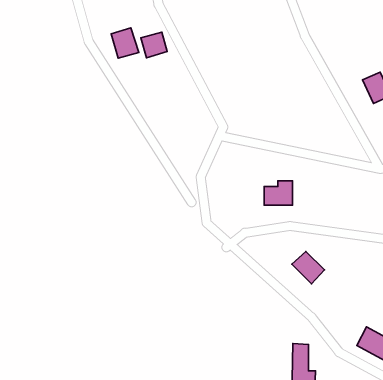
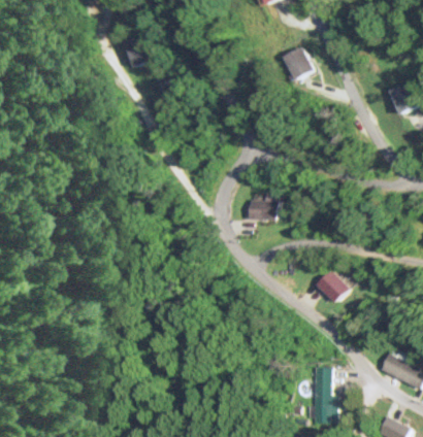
building: [141,32,167,58] -> none
building: none -> [281,46,312,79]
building: [264,181,293,205] -> [248,195,278,221]

